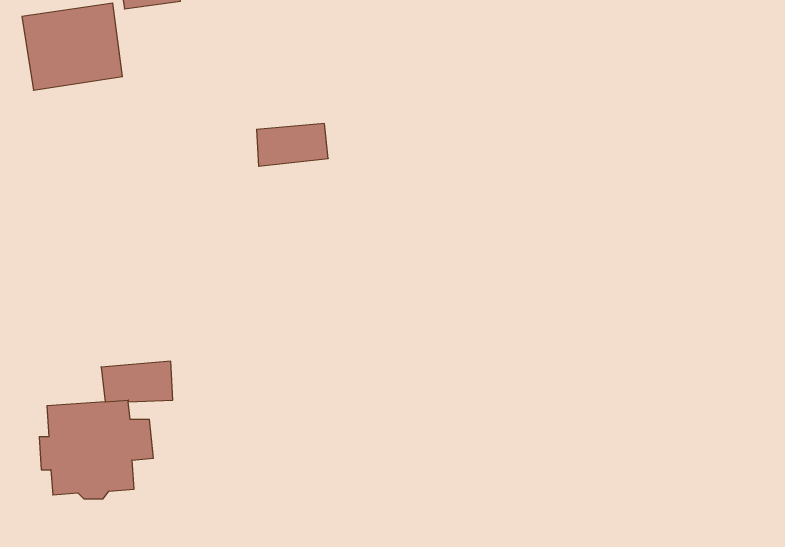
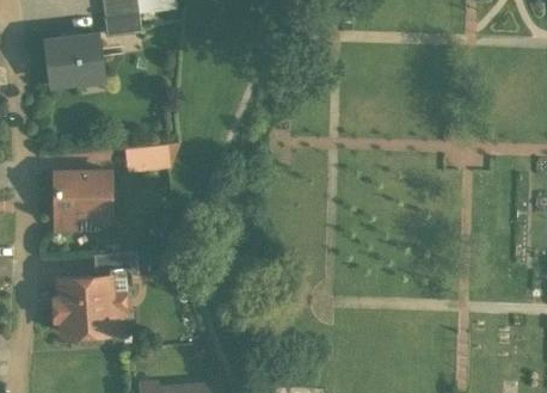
building: [257,124,328,166] -> [124,148,168,174]
building: none -> [56,172,111,223]

